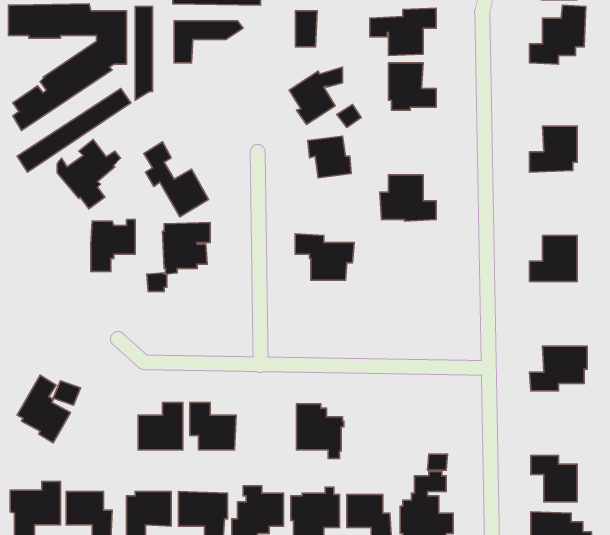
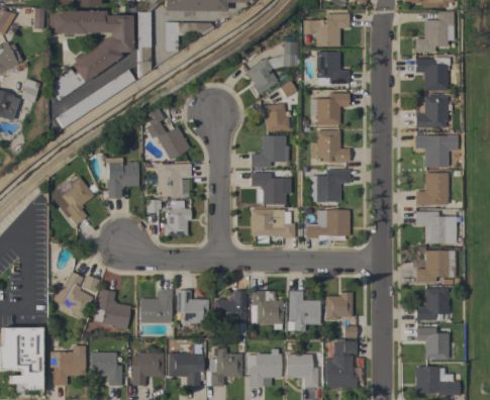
building: [295,11,317,47] -> [284,41,299,67]
building: none -> [415,58,451,90]
building: none -> [310,93,350,124]
building: [57,140,121,209] -> [54,176,98,224]
building: none -> [251,135,289,167]
building: none -> [416,135,459,167]
building: none -> [310,169,350,202]
building: none -> [164,200,191,235]
building: none -> [251,209,295,243]
building: none -> [304,210,350,240]
building: none -> [415,211,457,243]
building: none -> [416,288,449,320]
building: none -> [94,289,131,330]
building: none -> [214,291,247,322]
building: none -> [287,291,320,331]
building: none -> [325,292,353,319]

